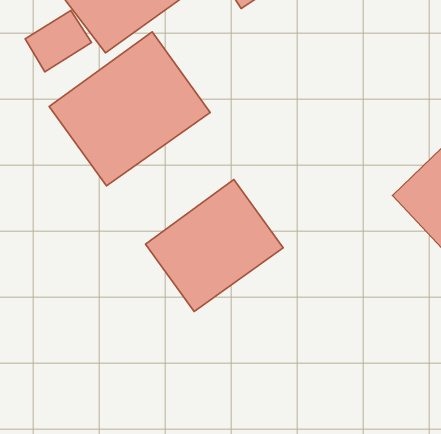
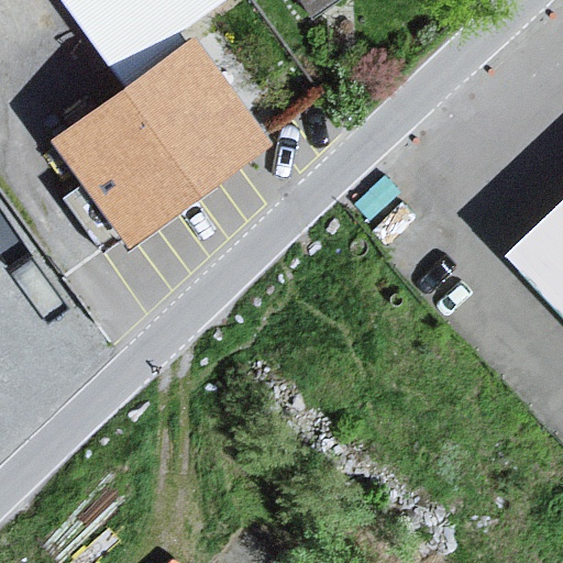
building: [146,179,283,311] -> none

